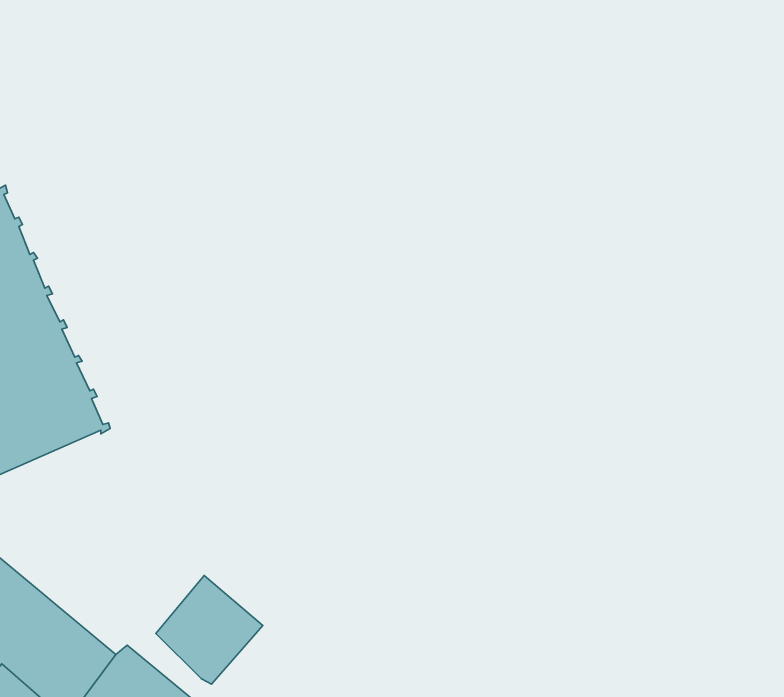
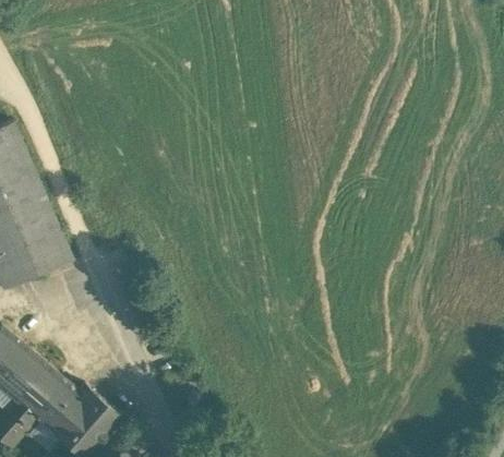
building: [156,575,263,684] -> none

